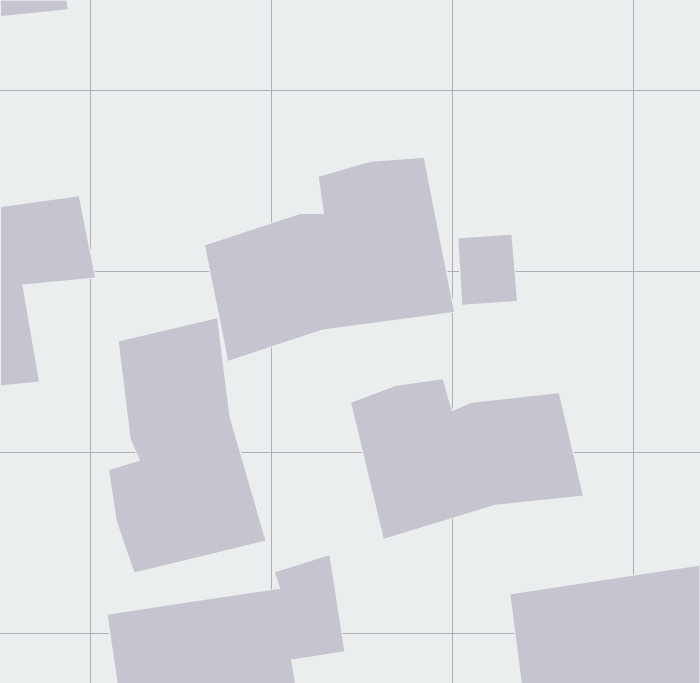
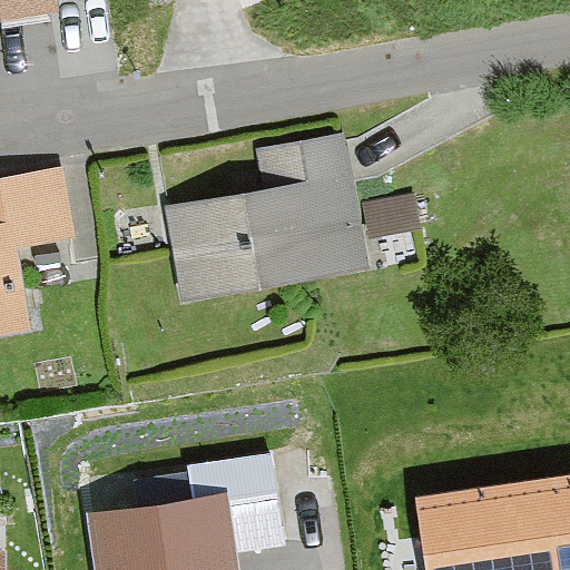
building: [108,317,266,573] -> none
building: [350,378,583,539] -> none

